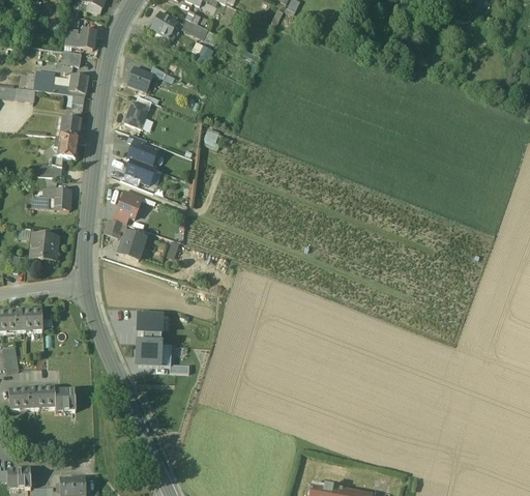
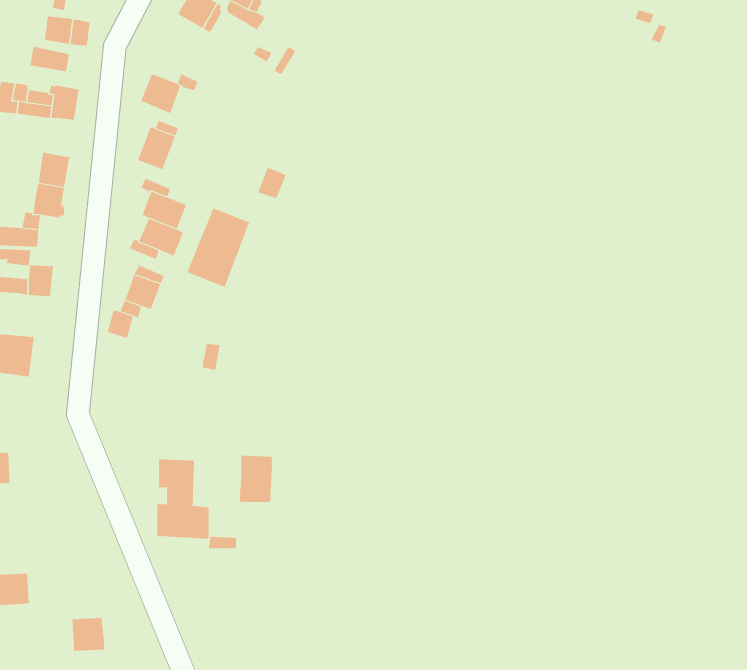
building: none -> [187,208,252,288]
building: [118,230,145,259] -> none
building: none -> [239,455,273,503]
building: [54,388,76,411] -> [72,616,105,651]

